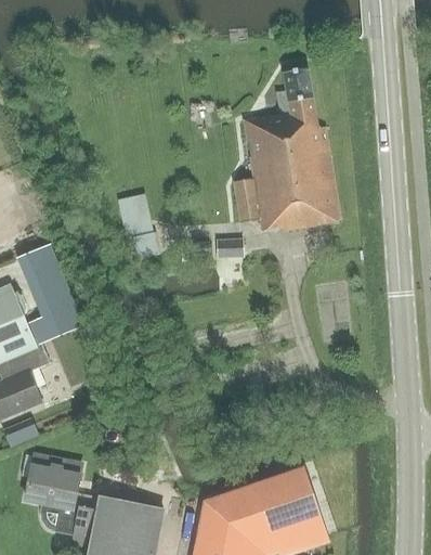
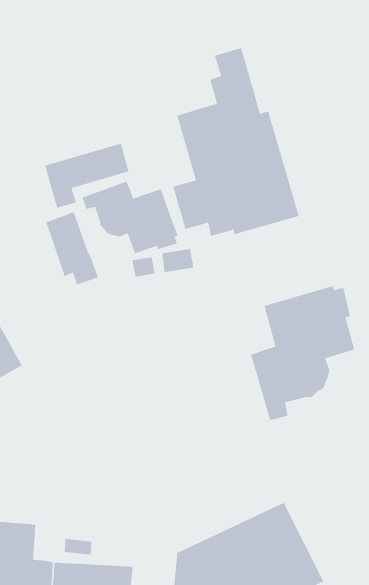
building: none -> [44,143,129,208]
building: none -> [82,181,178,254]
building: none -> [250,285,355,421]

